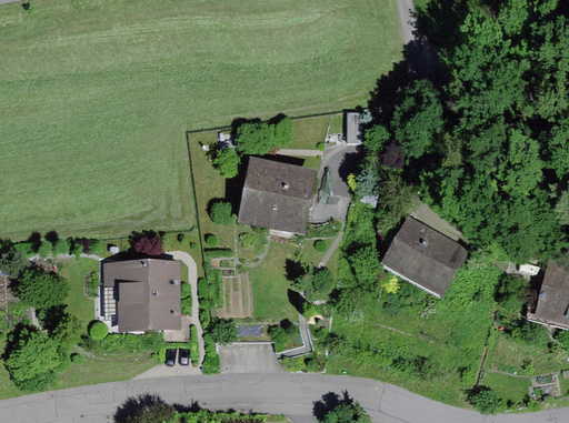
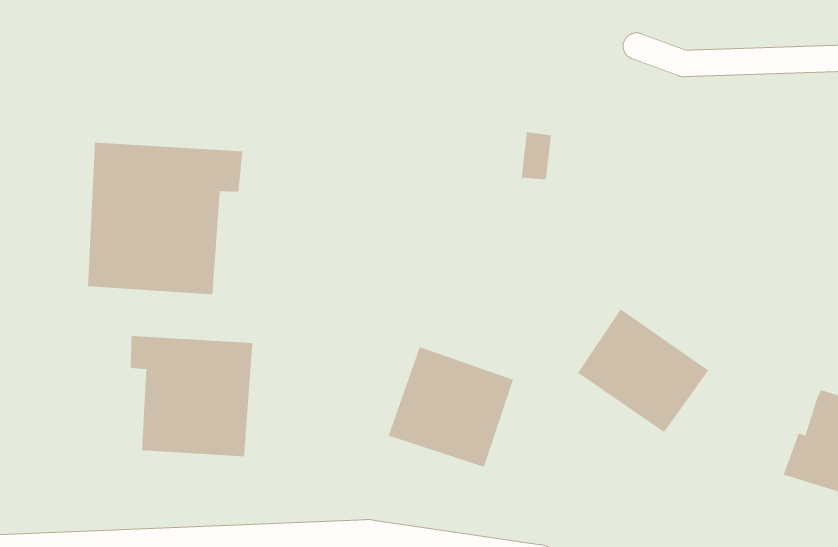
building: none -> [87,142,243,295]
building: [241,161,319,235] -> [388,346,514,468]

